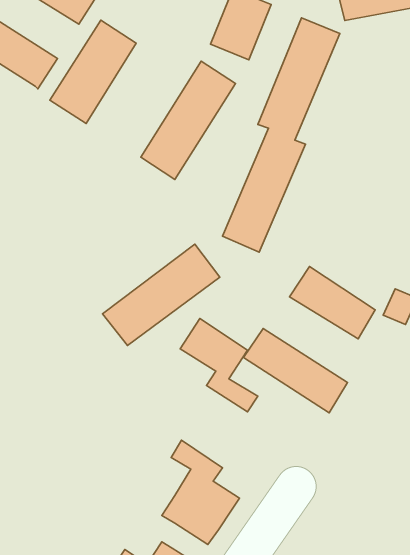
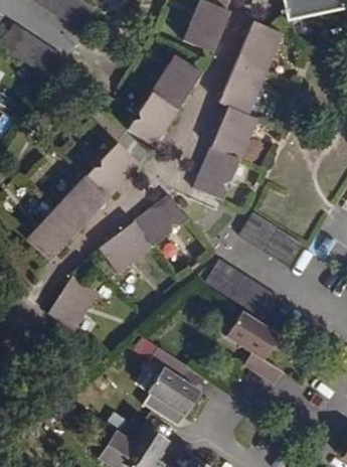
building: [50,20,136,123] -> none
building: none -> [28,143,142,259]
building: [180,318,258,412] -> [229,311,289,382]
building: none -> [47,276,98,329]

